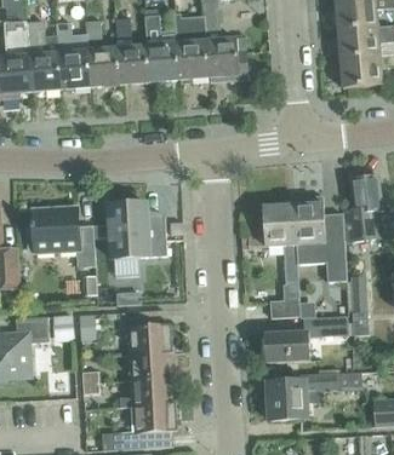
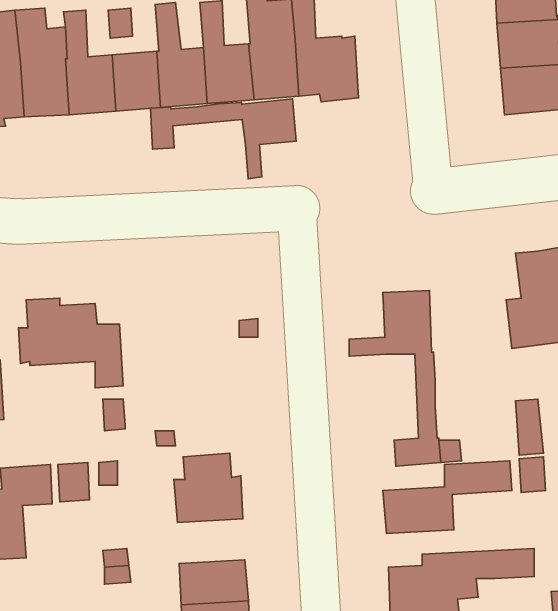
building: none -> [150,99,296,179]
building: [108,202,166,258] -> none
building: [293,202,347,277] -> none
building: [130,351,173,380] -> none

